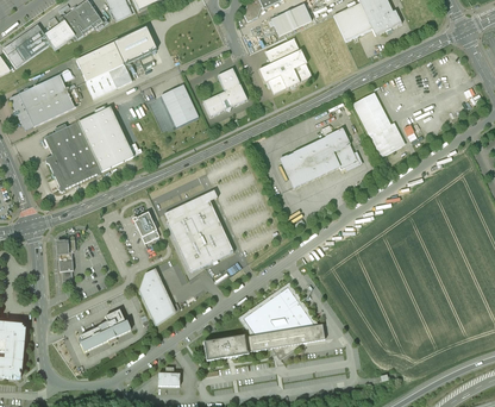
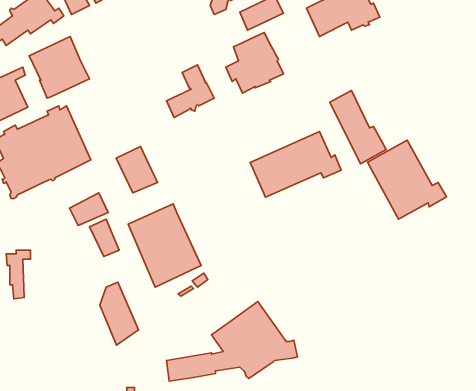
building: [113,26,155,63] -> none
building: [159,83,198,126] -> [116,146,157,193]
building: none -> [367,140,447,219]
building: none -> [69,193,108,226]
building: [79,308,129,350] -> none

